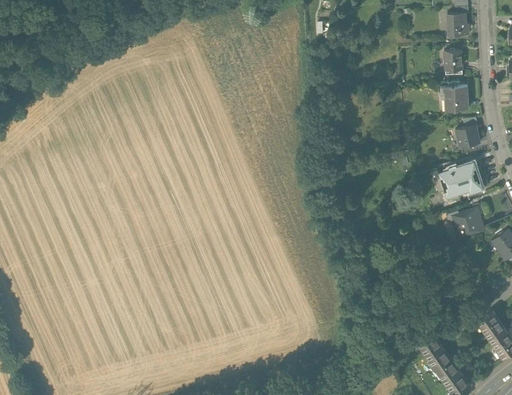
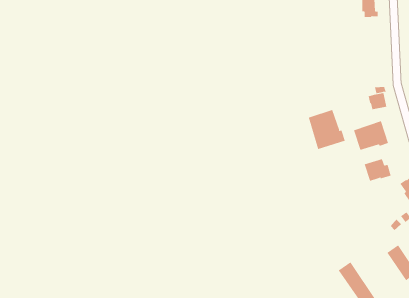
building: [444,51,462,76] -> none
building: [441,88,469,113] -> none
building: none -> [308,109,345,150]

